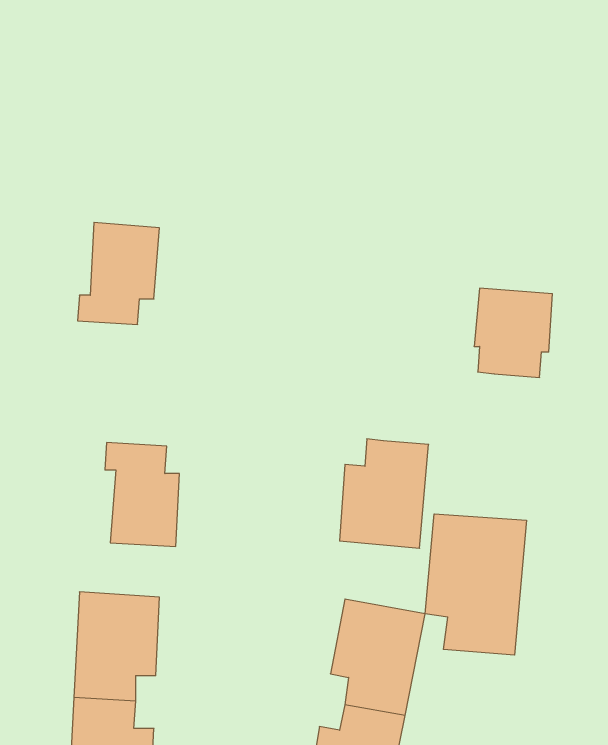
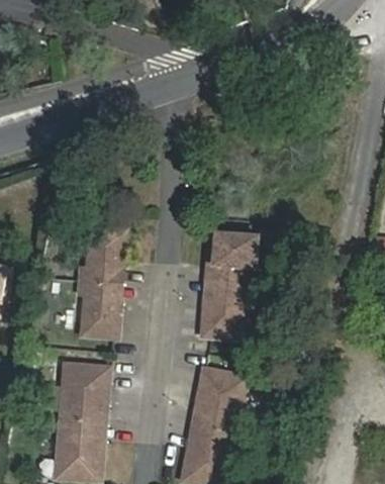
building: [78,222,159,324] -> [74,225,119,282]
building: [474,288,552,377] -> [216,231,260,281]
building: [425,514,526,655] -> none

